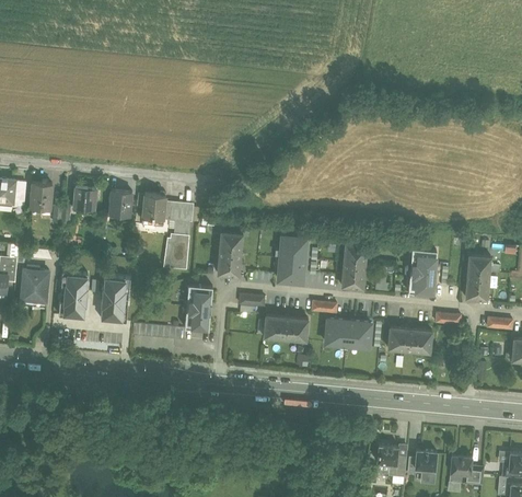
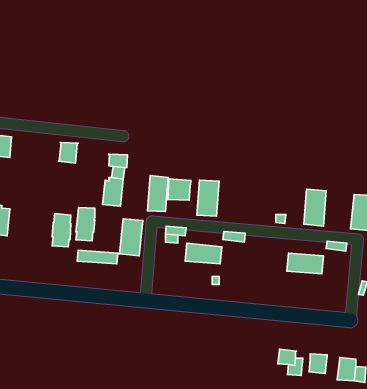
building: [74,188,98,216] -> none
building: [142,194,172,227] -> none
building: none -> [168,179,191,200]
building: [341,243,367,287] -> none
building: [63,275,86,315] -> [76,207,95,241]
building: [323,316,372,349] -> none

